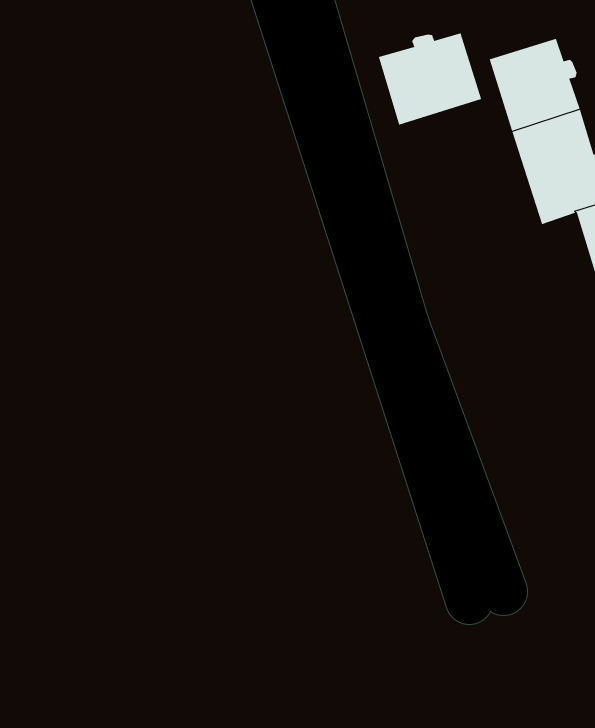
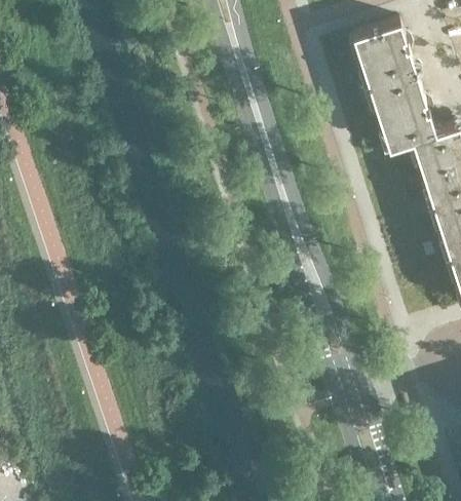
building: [378,33,482,125] -> none

